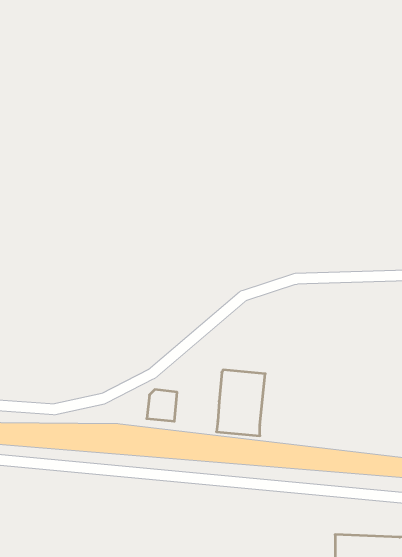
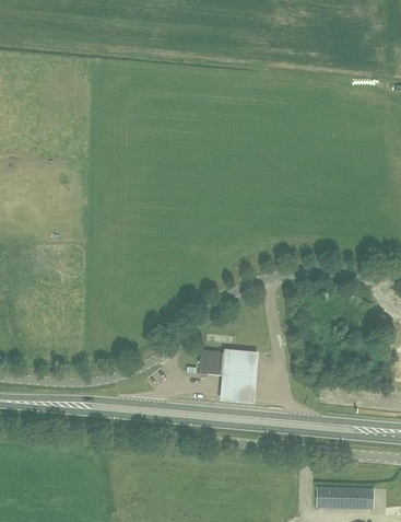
building: [147,390,177,421] -> [196,349,221,375]

